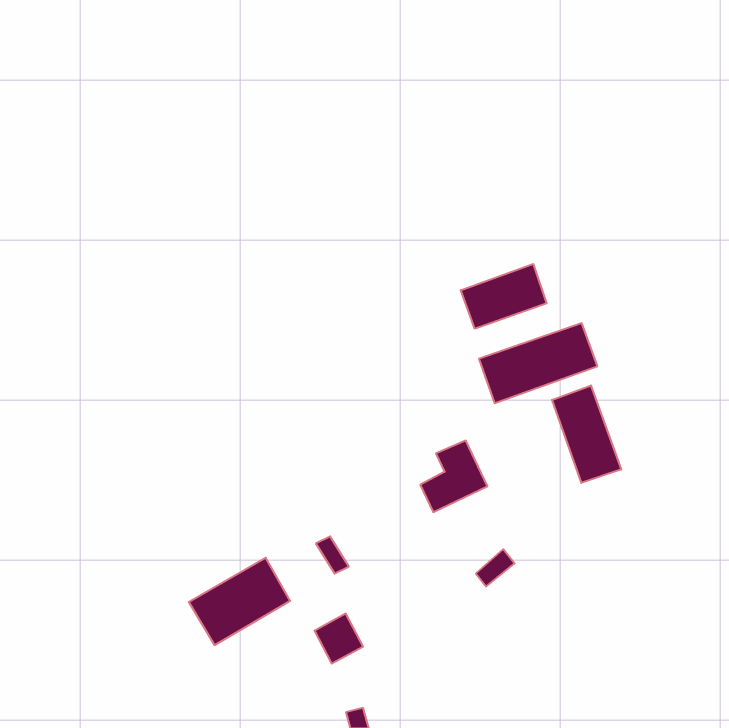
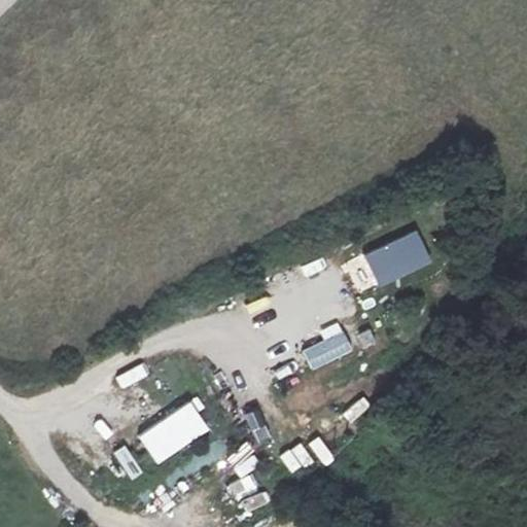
building: [461,264,547,329] -> none
building: [552,385,621,483] -> none

